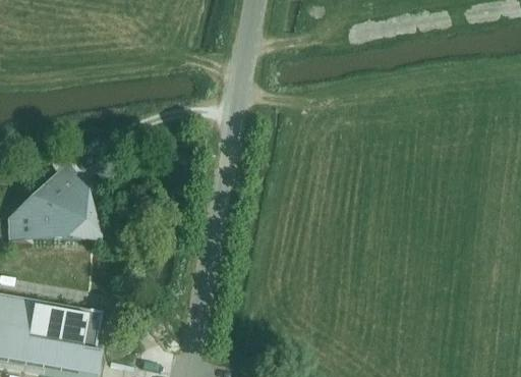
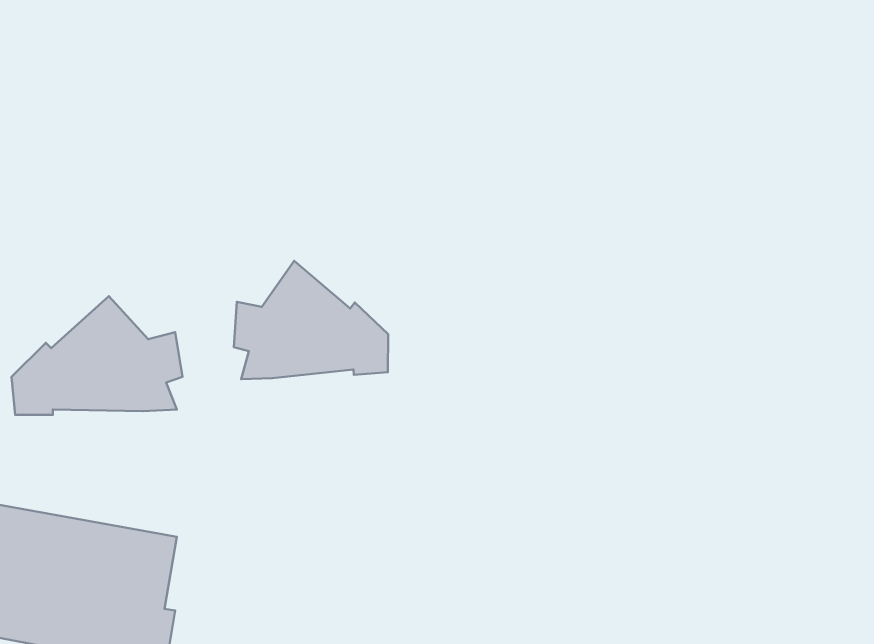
building: none -> [234,261,388,379]

